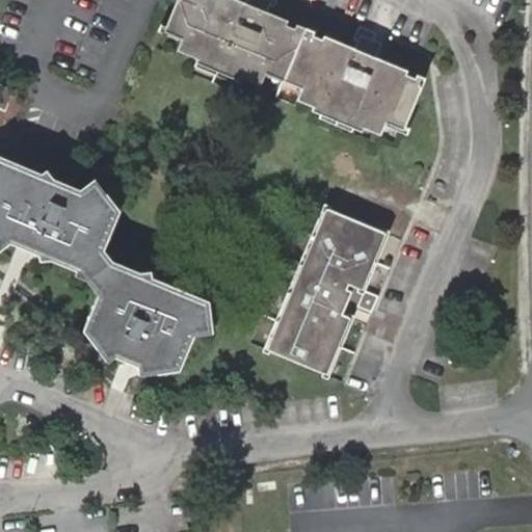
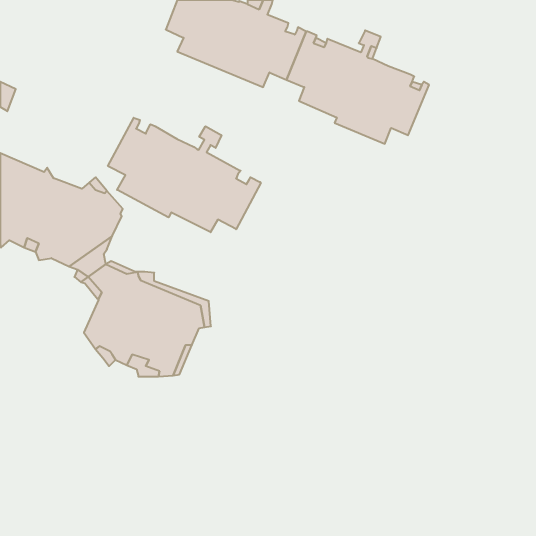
building: none -> [108,118,261,232]
building: [267,208,383,373] -> none

